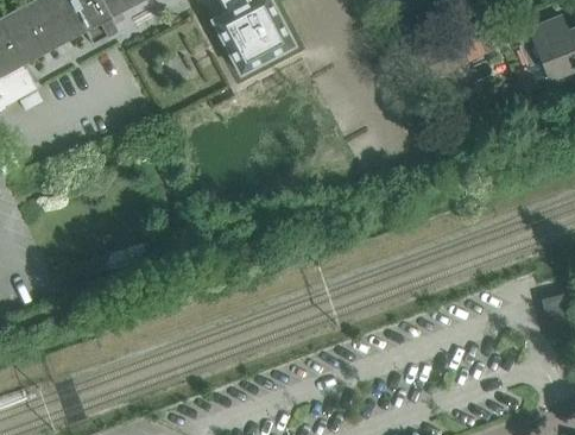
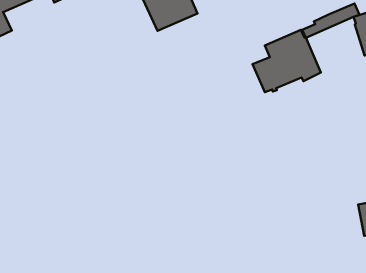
building: none -> [252,30,321,92]

